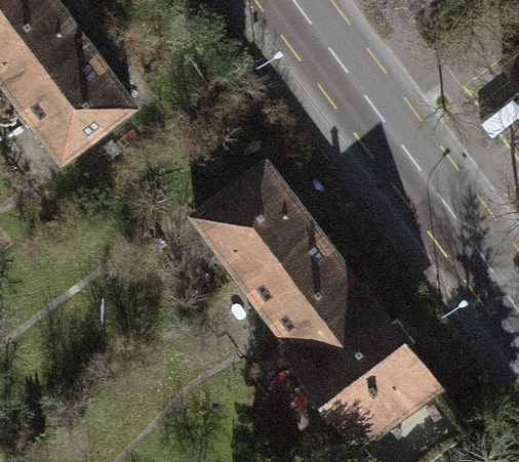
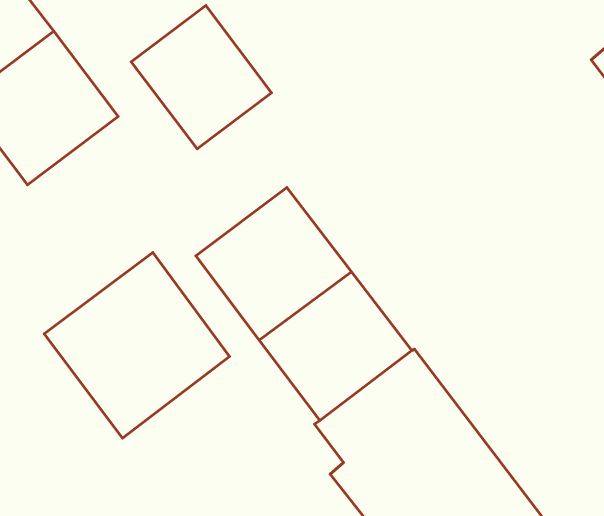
building: none -> [131,6,272,149]
building: none -> [44,253,230,438]

